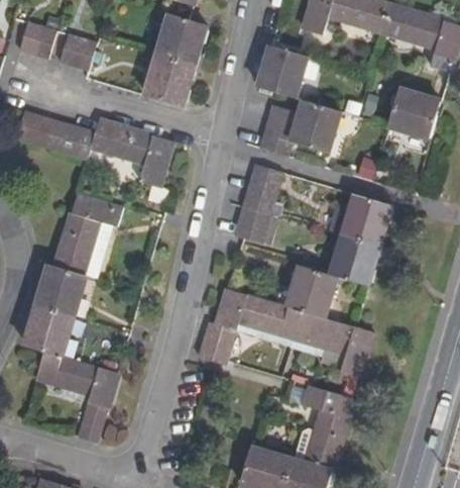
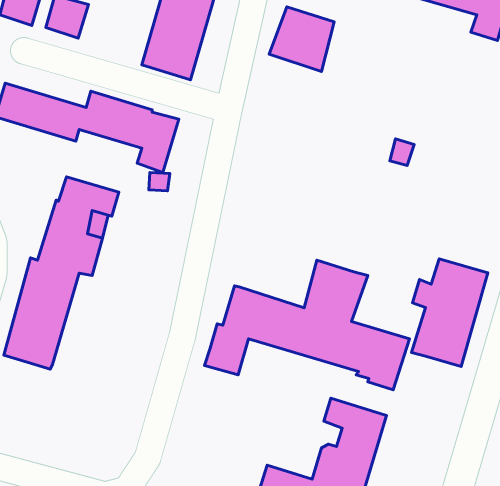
building: [387,86,440,139] -> none
building: [258,100,342,157] -> none
building: [232,164,282,242] -> none
building: [327,193,393,287] -> [411,259,488,366]
building: [34,354,120,443] -> none

